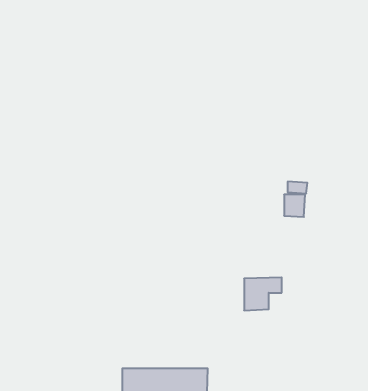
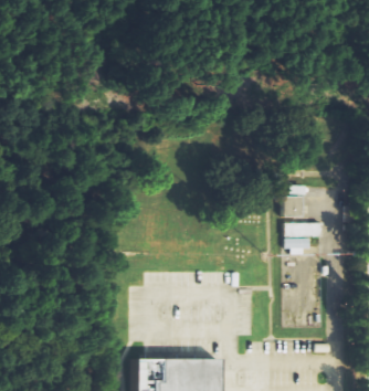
building: [244,277,282,310] -> [287,222,323,253]

